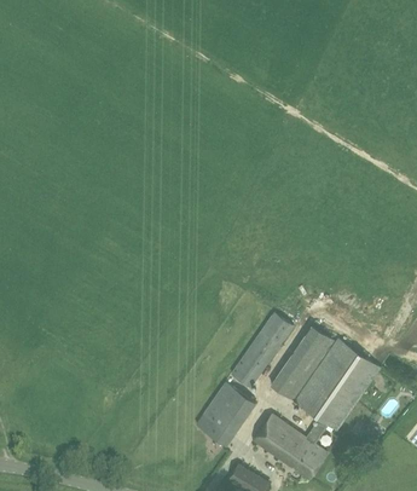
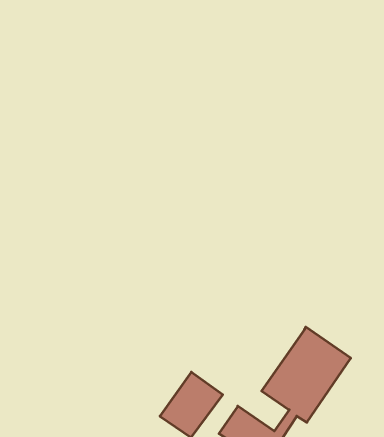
building: [231,313,293,388] -> none
building: [270,325,334,400] -> none

